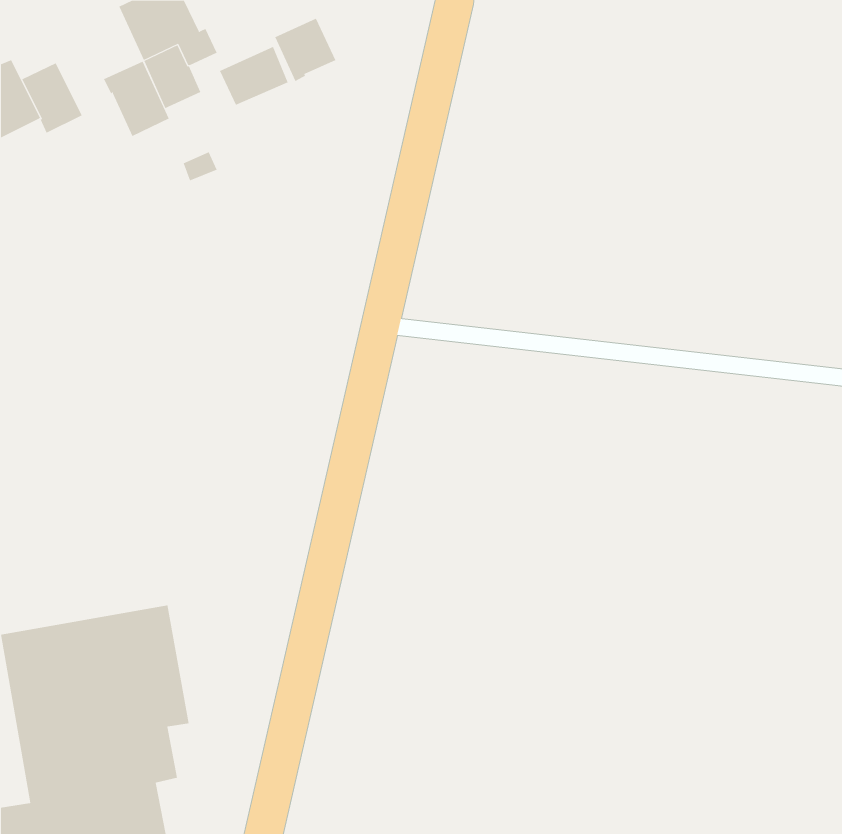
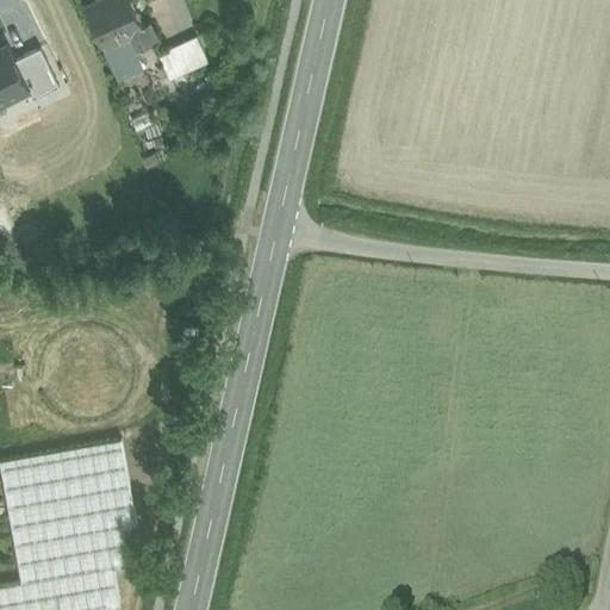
building: [275,18,336,82] -> none
building: [103,61,169,137] -> none

